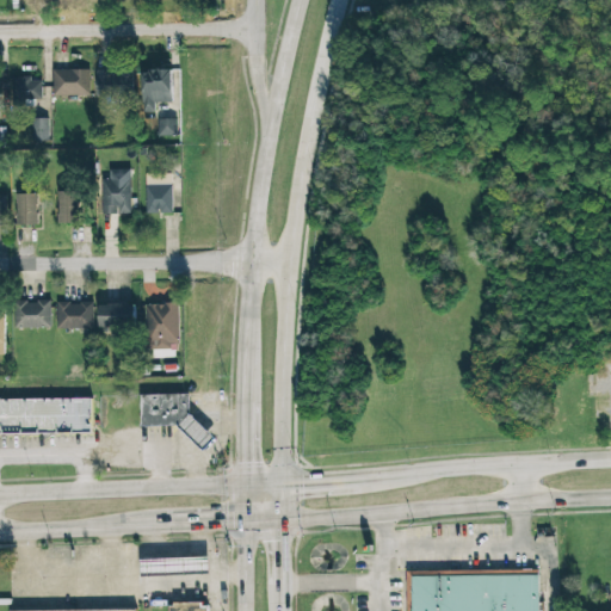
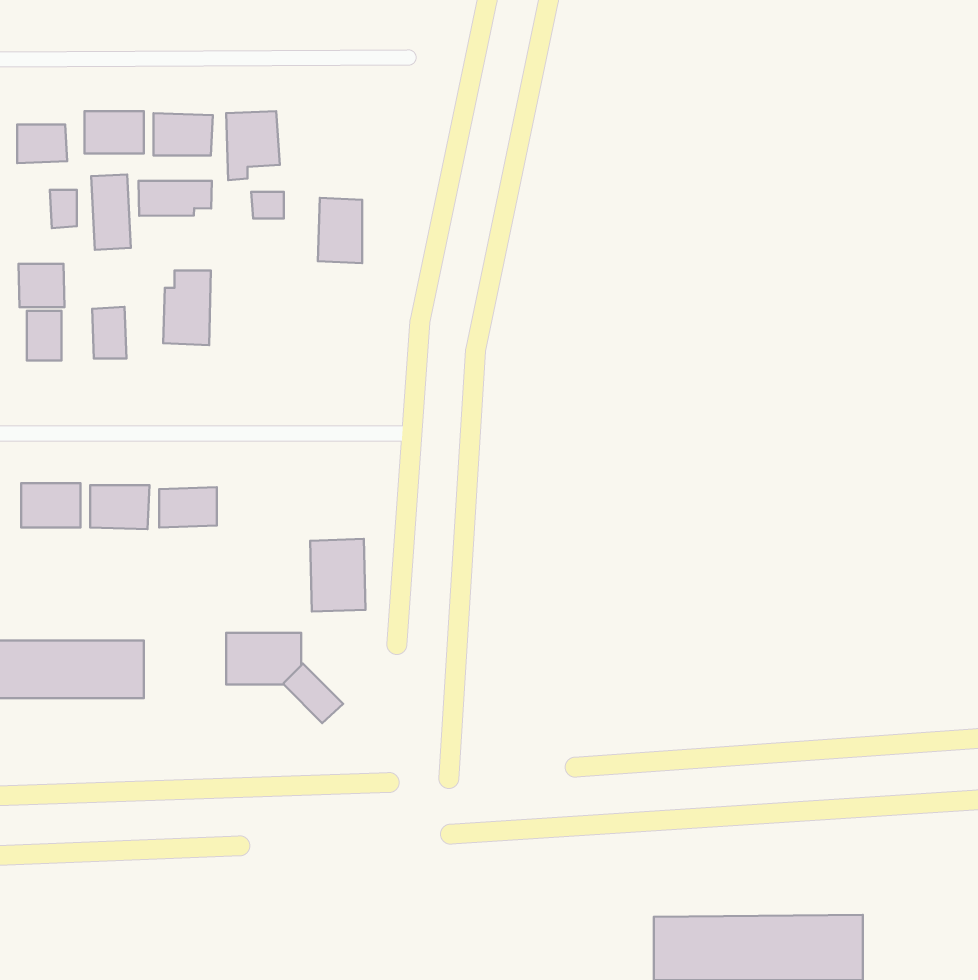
building: none -> [91,174,131,250]
building: none -> [139,181,212,216]
building: none -> [19,264,64,307]
building: [144,173,172,214] -> [318,198,362,263]
building: [144,303,179,348] -> [310,539,366,612]
building: [140,555,209,576] -> none

